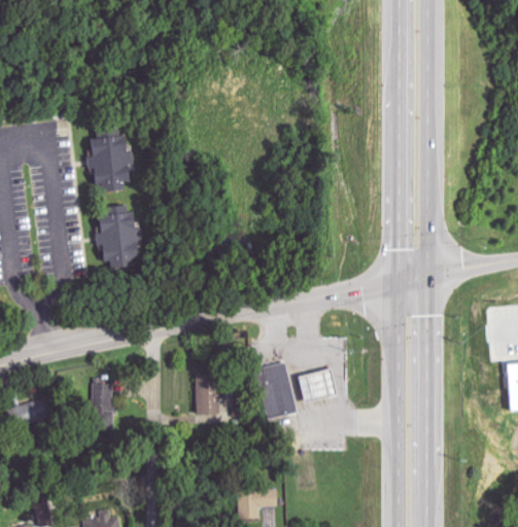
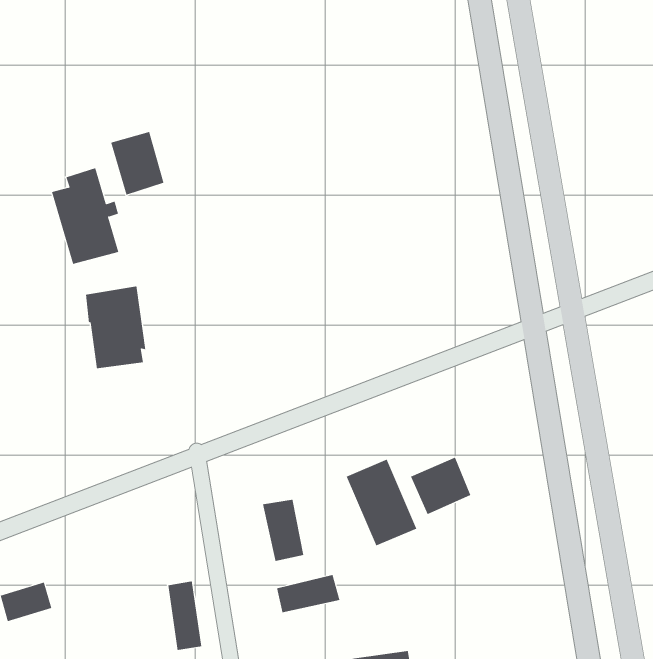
building: none -> [110,131,164,196]
building: [95,385,113,430] -> [167,581,202,651]
building: none -> [277,574,340,613]

